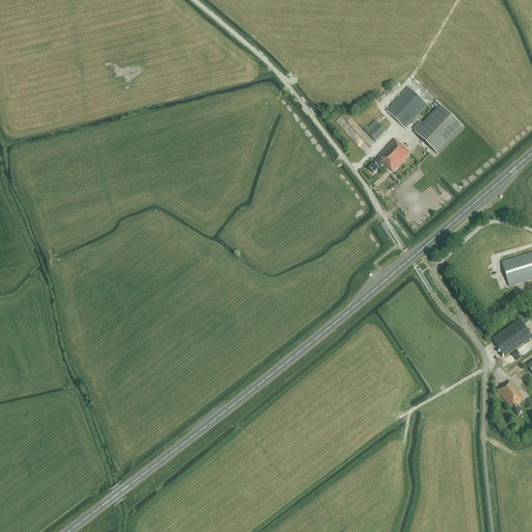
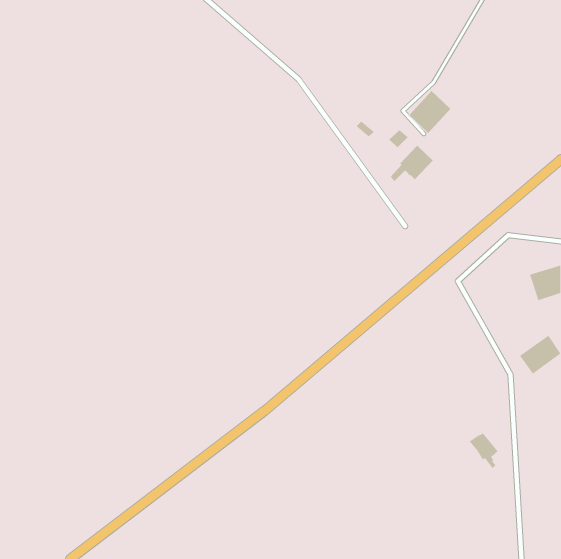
building: [416,105,463,153] -> none
building: [497,379,525,414] -> [469,433,499,469]

